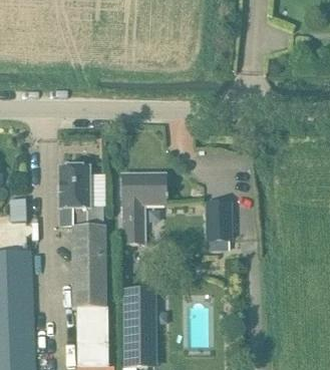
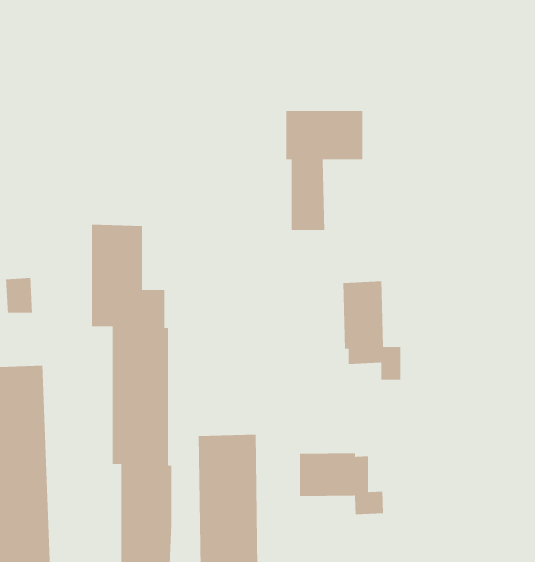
building: [120,172,166,243] -> [286,110,363,231]
building: none -> [299,452,384,515]

